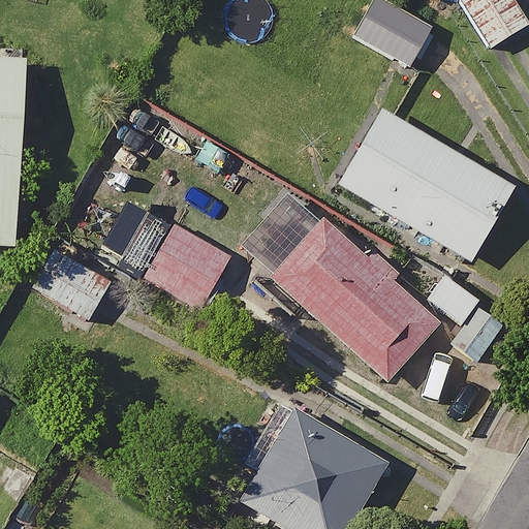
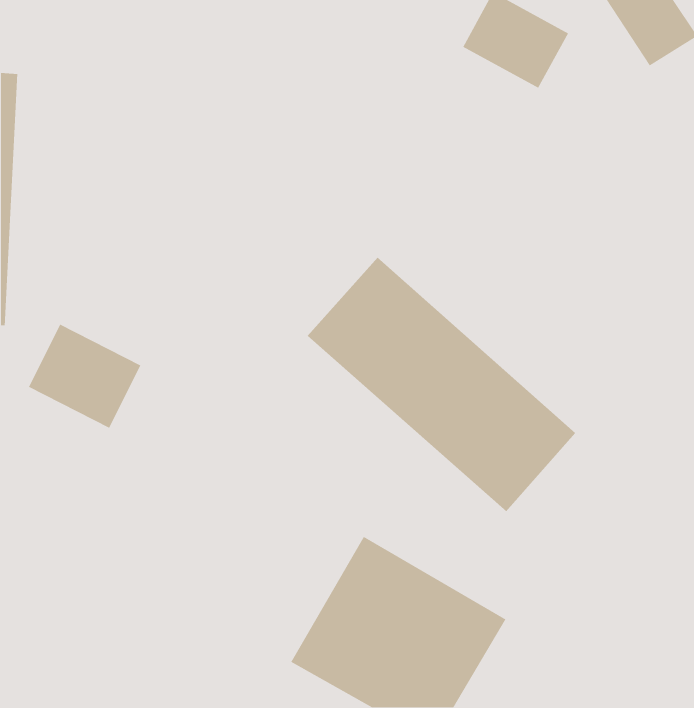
building: [338,110,515,261] -> none
building: [143,222,231,313] -> none

